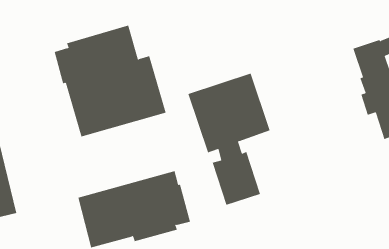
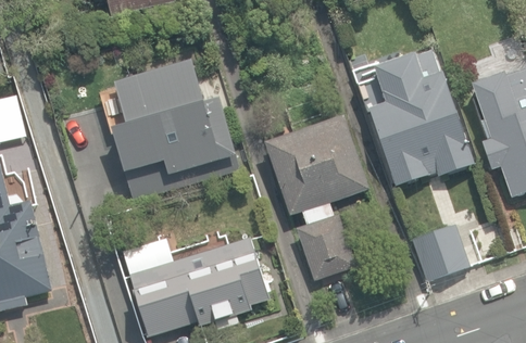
building: none -> [367,50,473,187]
building: none -> [411,224,469,284]

